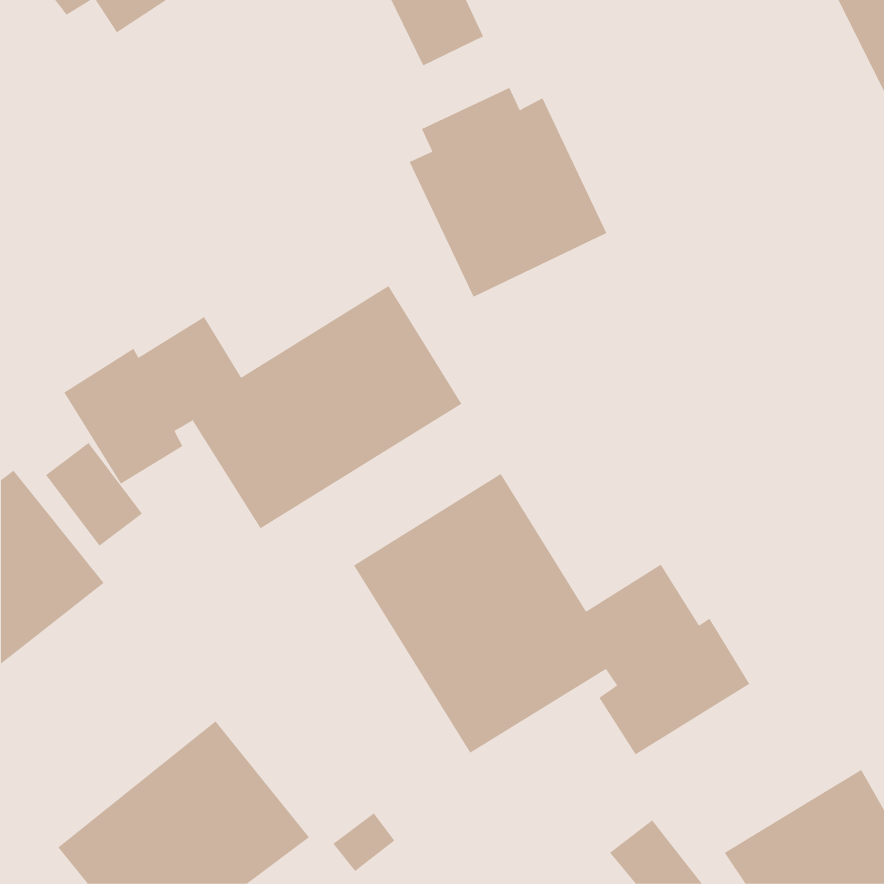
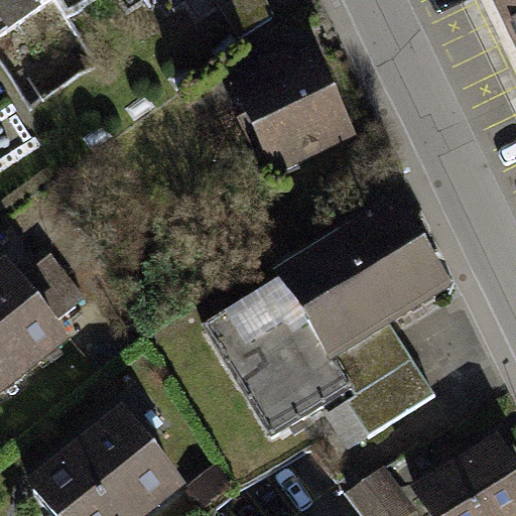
building: [64,285,462,529] -> none
building: none -> [293,208,450,354]

